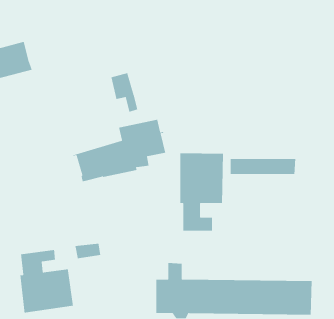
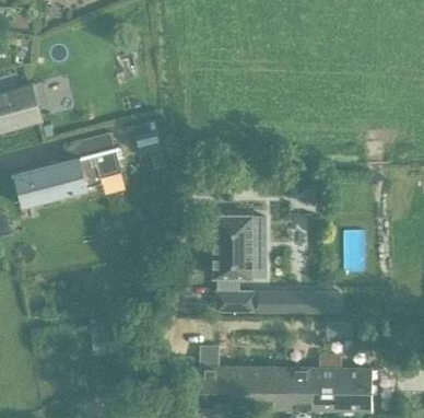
building: [72,119,166,183] -> [11,132,122,208]
building: [230,158,296,175] -> [260,292,339,312]
building: [19,249,74,313] -> none

